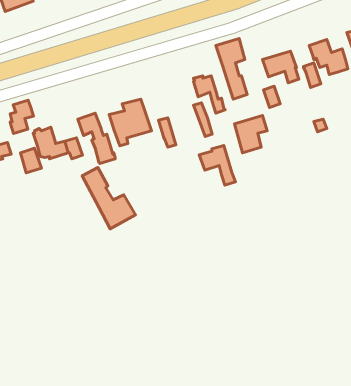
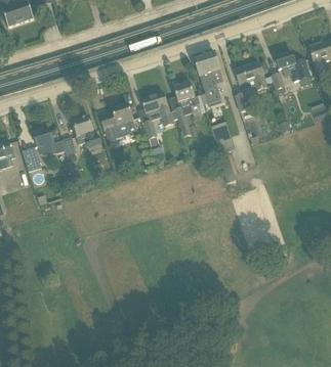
building: [10,100,33,134] -> none
building: [199,145,235,185] -> [141,91,173,126]
building: [82,168,135,229] -> none

